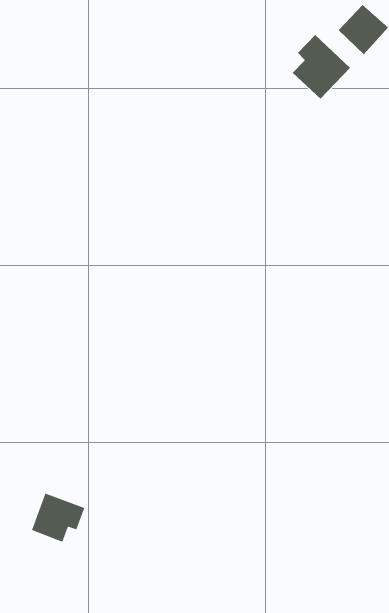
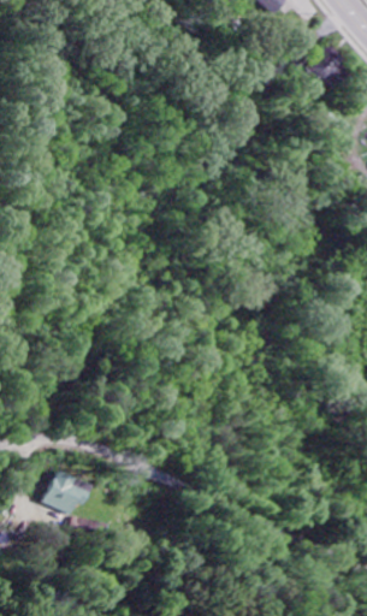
building: [292,34,351,99] -> none

